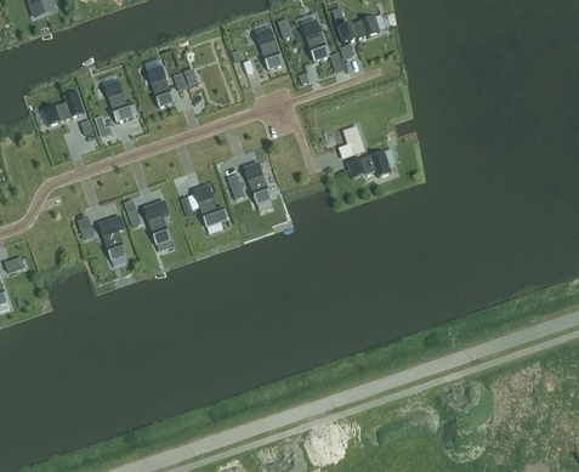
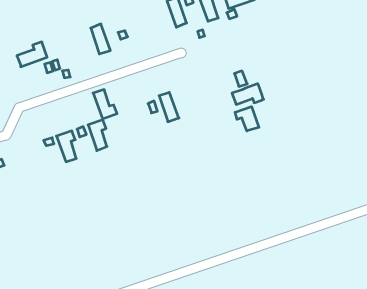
building: [102,79,137,121] -> none
building: none -> [235,107,259,131]
building: [192,184,226,226] -> [93,90,117,119]

